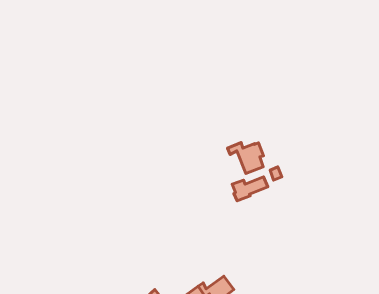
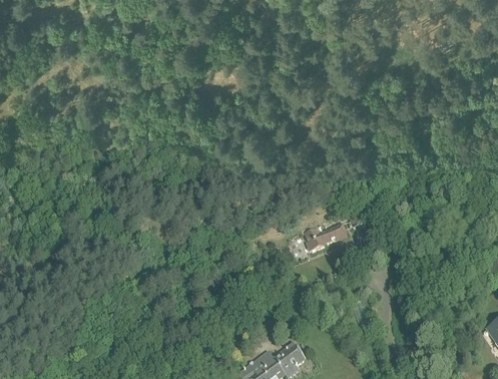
building: [227,143,264,173] -> none

